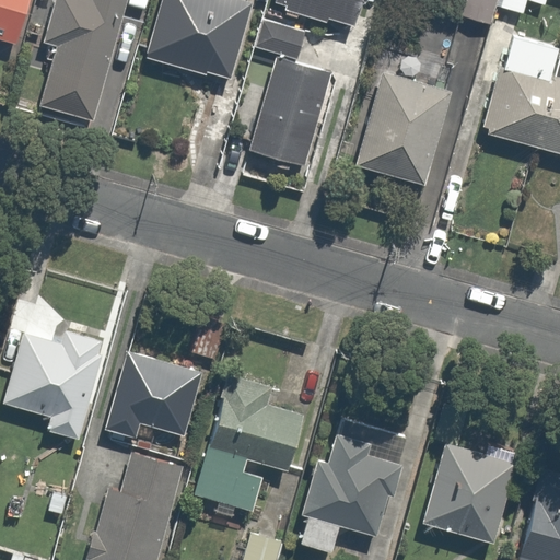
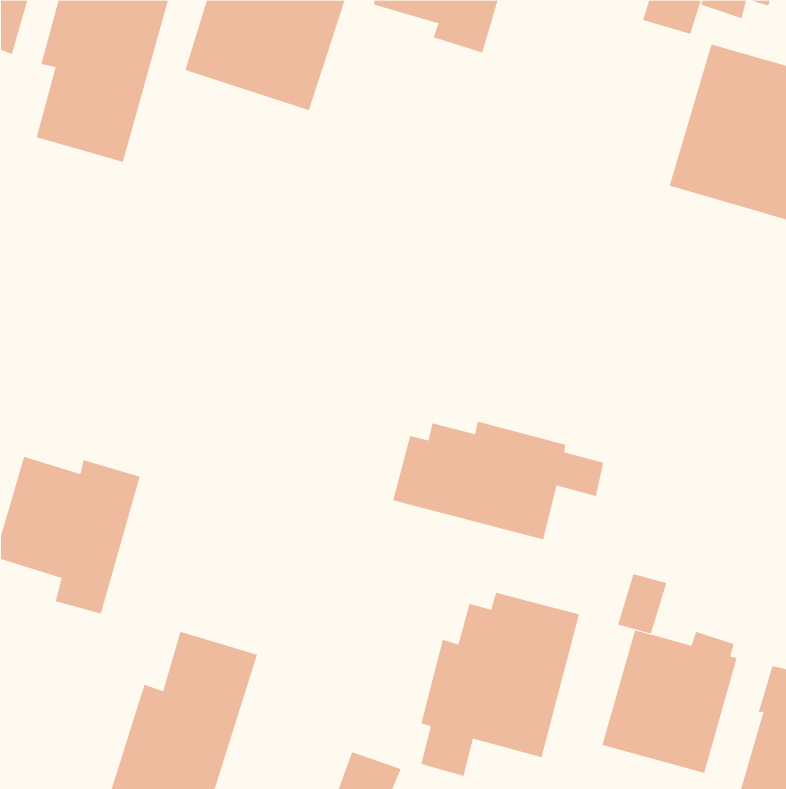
building: [245,21,339,170] -> none
building: [353,46,459,186] -> none
building: none -> [393,421,604,540]
building: [105,339,210,436] -> none
building: [195,365,306,510] -> none

